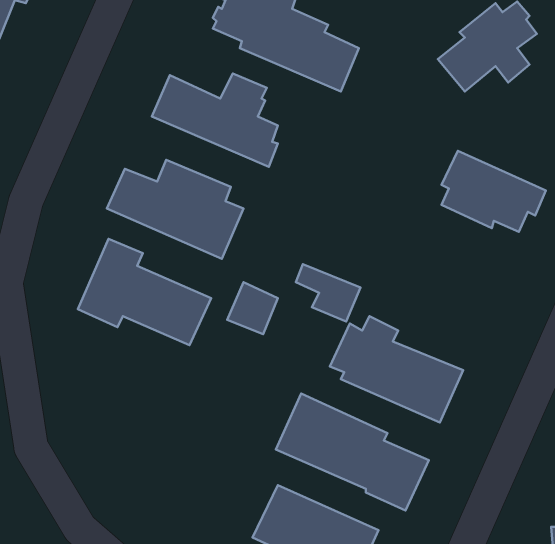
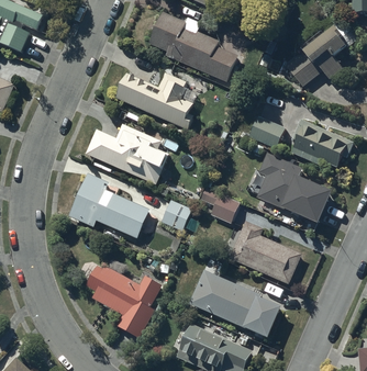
building: none -> [240,116,285,149]
building: none -> [253,150,333,226]
building: none -> [81,266,164,337]

